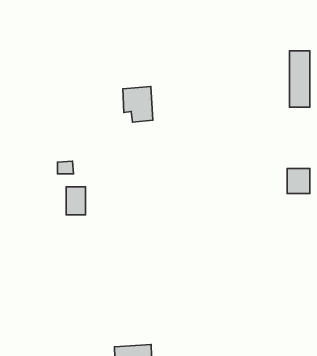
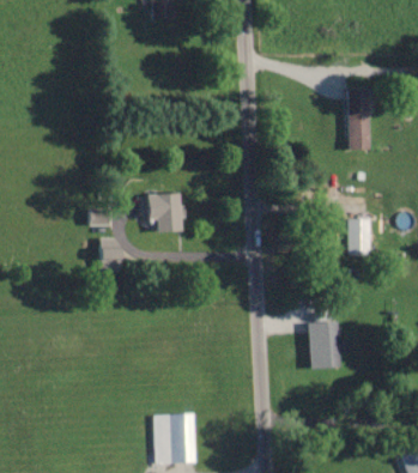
building: [123,87,153,122] -> [147,193,181,232]
building: none -> [317,322,339,368]

